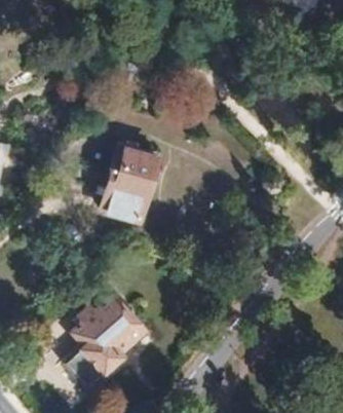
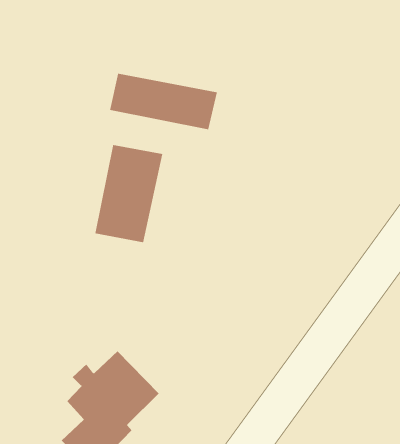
building: none -> [110,73,217,130]

